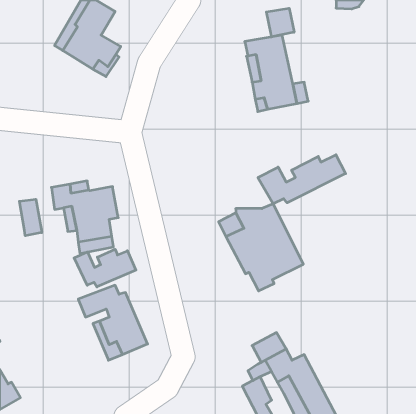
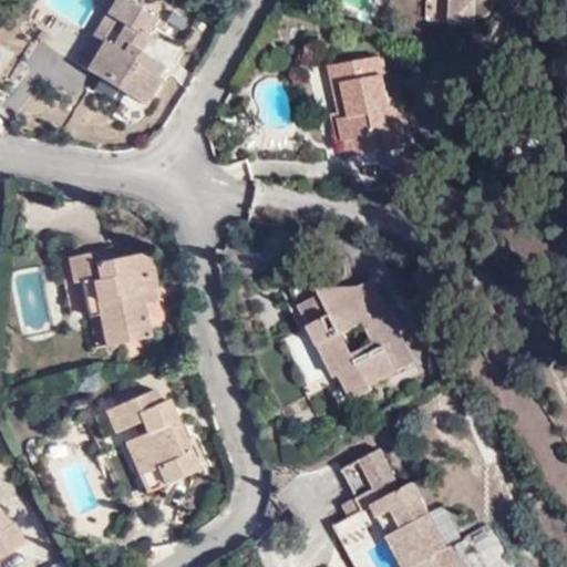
building: [266,8,294,37] -> none
building: [258,155,346,204] -> none
building: [19,199,42,236] -> none
building: [74,249,136,287] -> none

